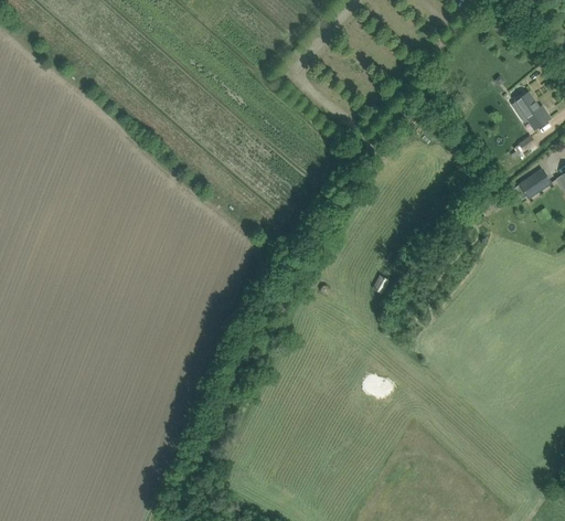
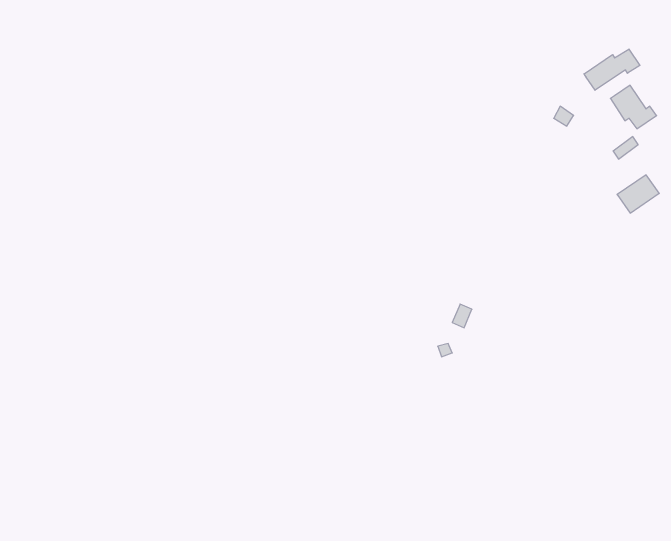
building: none -> [584,49,640,90]

